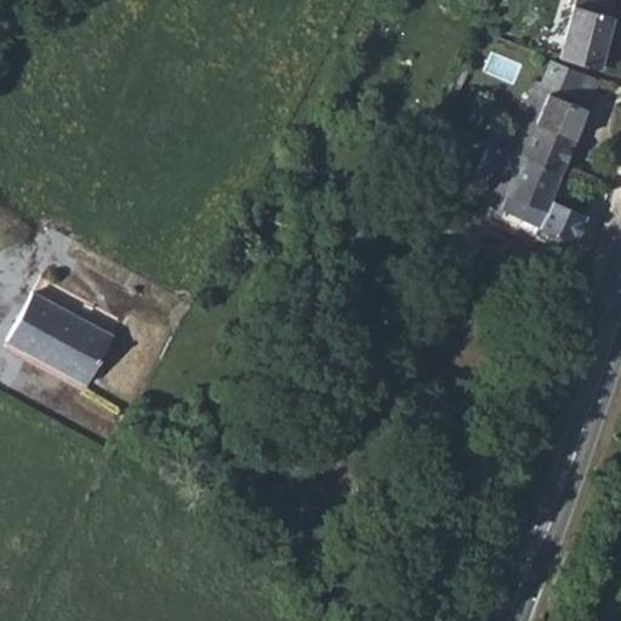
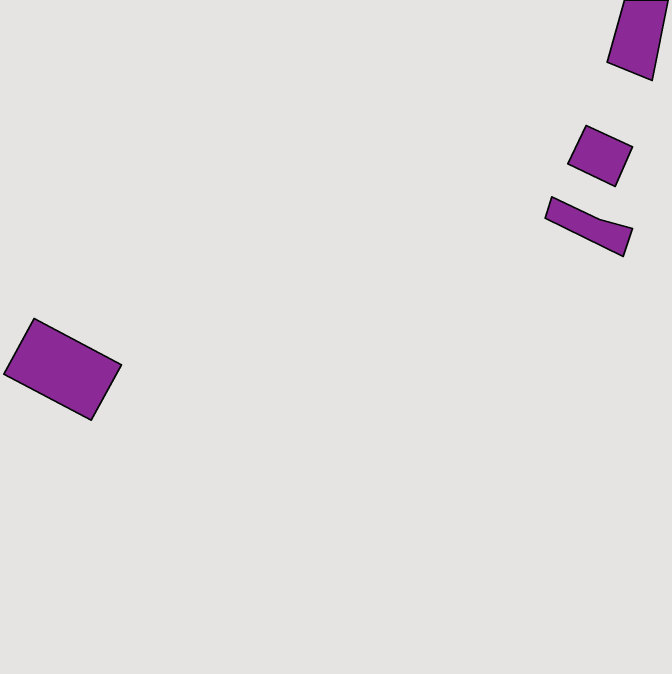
building: [519,62,592,136] -> none
building: [495,144,568,203] -> none

